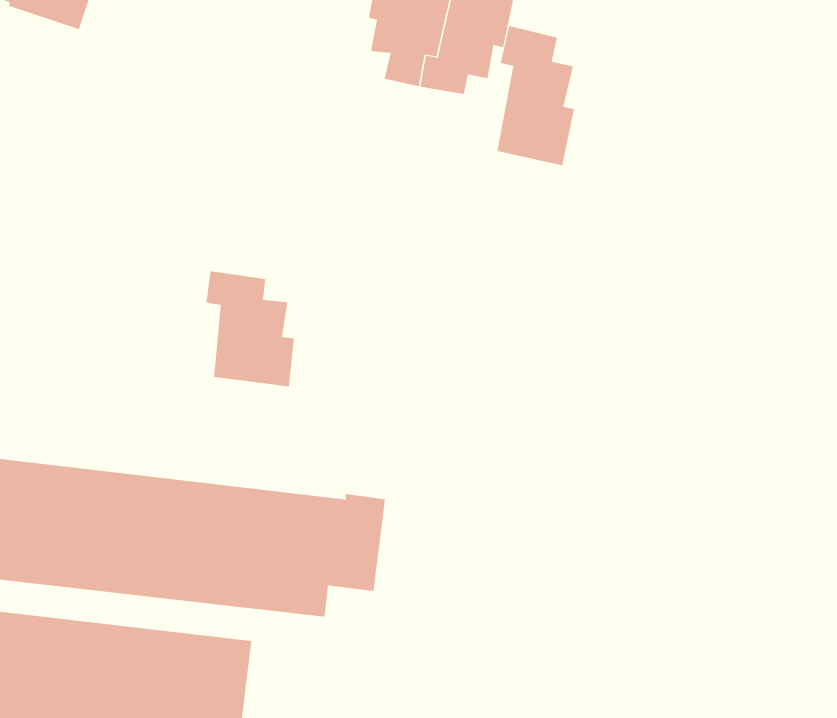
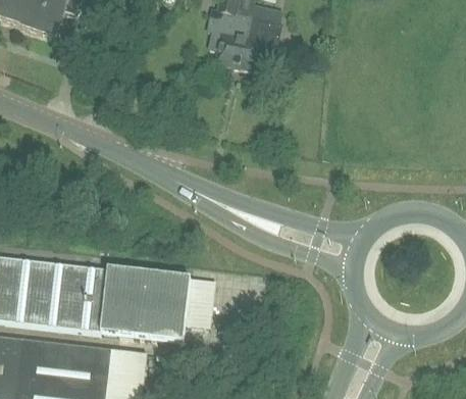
building: [497,25,575,166] -> none
building: [206,271,295,387] -> none

